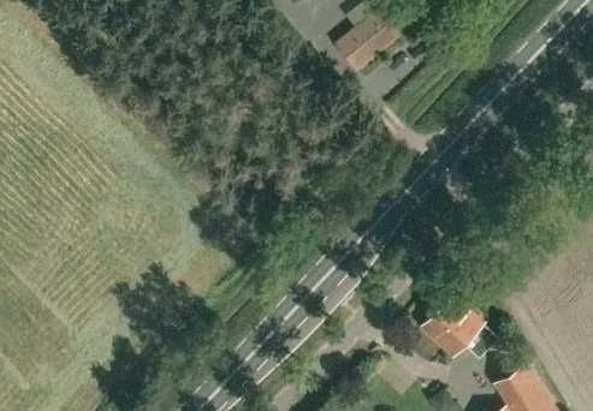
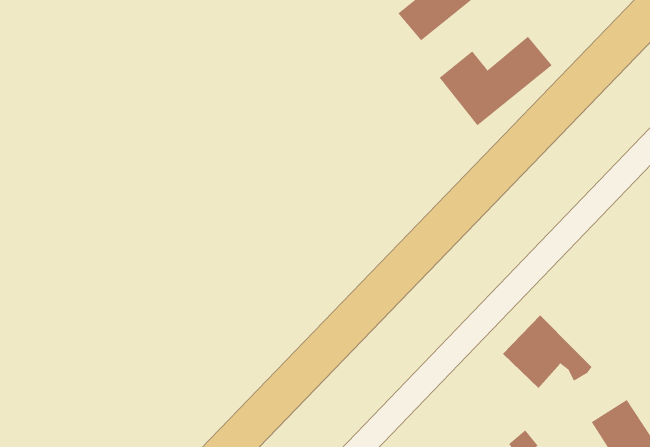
building: none -> [439,36,552,126]

